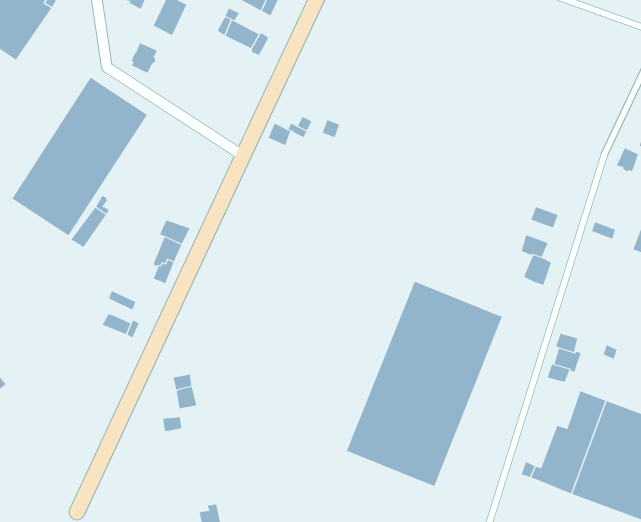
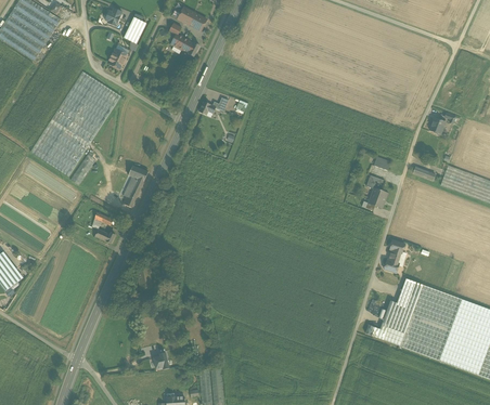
building: [346,281,503,487] -> none

